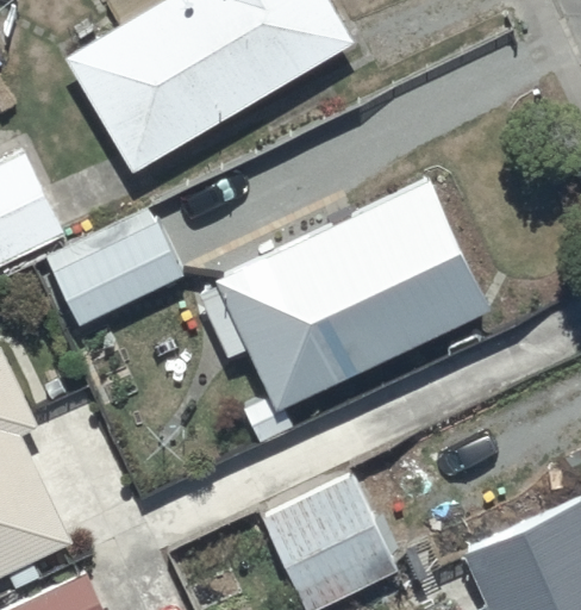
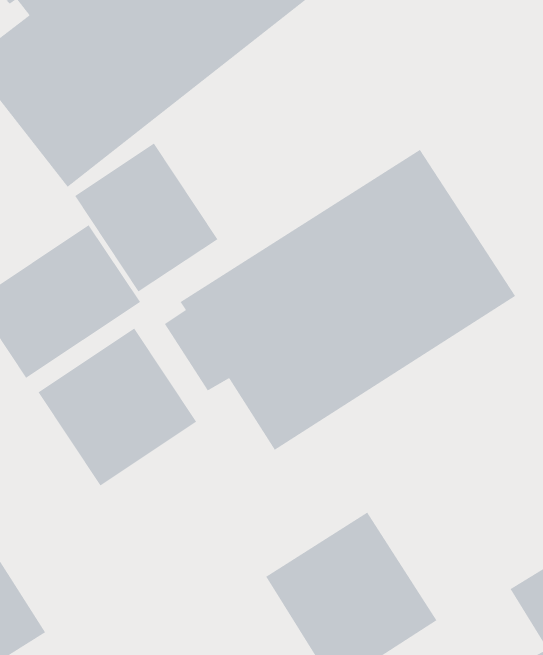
building: none -> [74,143,218,293]
building: none -> [37,328,197,486]

